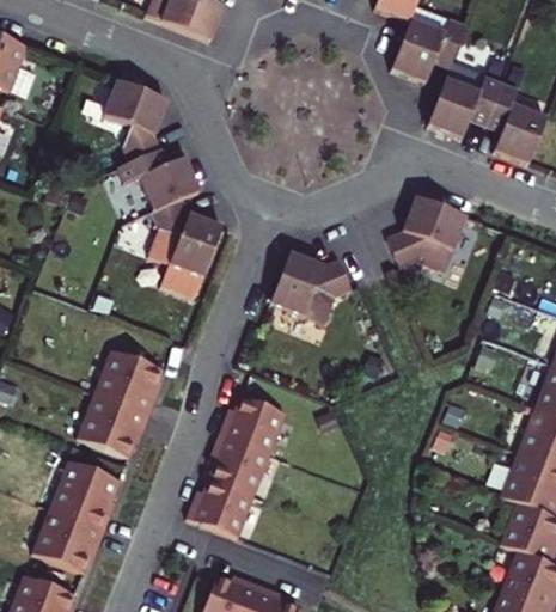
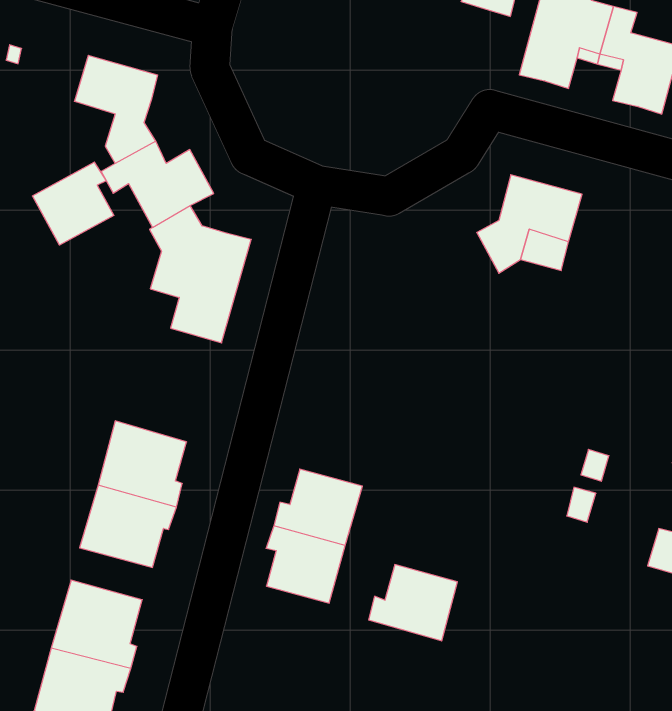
building: none -> [32,162,114,245]
building: [270,252,352,323] -> none
building: [187,478,253,537] -> [369,565,457,641]

